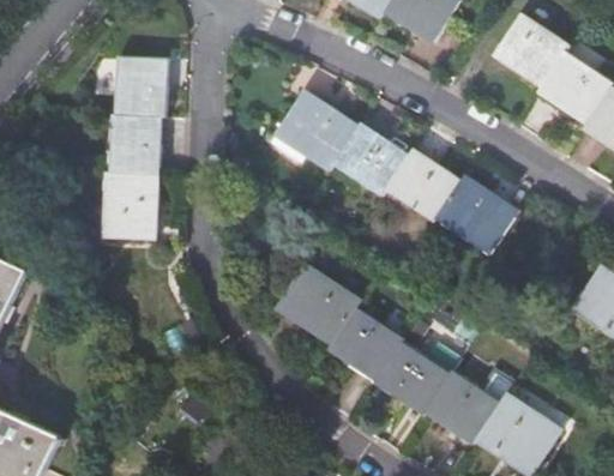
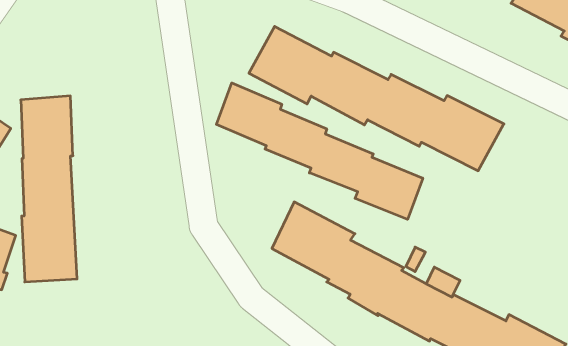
building: [103,58,167,239] -> [21,96,77,282]
building: none -> [216,83,423,219]

